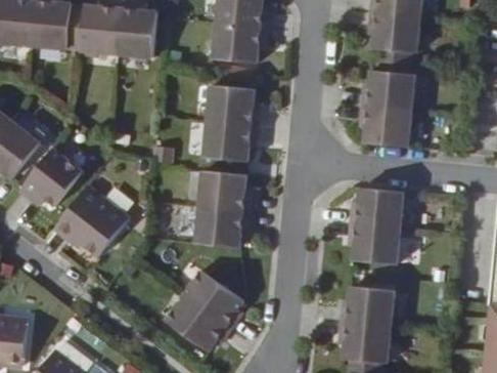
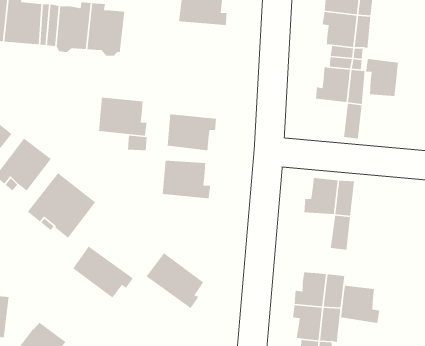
building: [213,24,267,63] -> none
building: [207,84,259,126] -> [98,97,147,136]
building: [359,106,395,147] -> [365,58,399,97]
building: [194,207,248,248] -> none
building: [347,226,381,264] -> none
building: [164,294,229,350] -> [72,245,134,298]
building: none -> [340,285,380,324]

